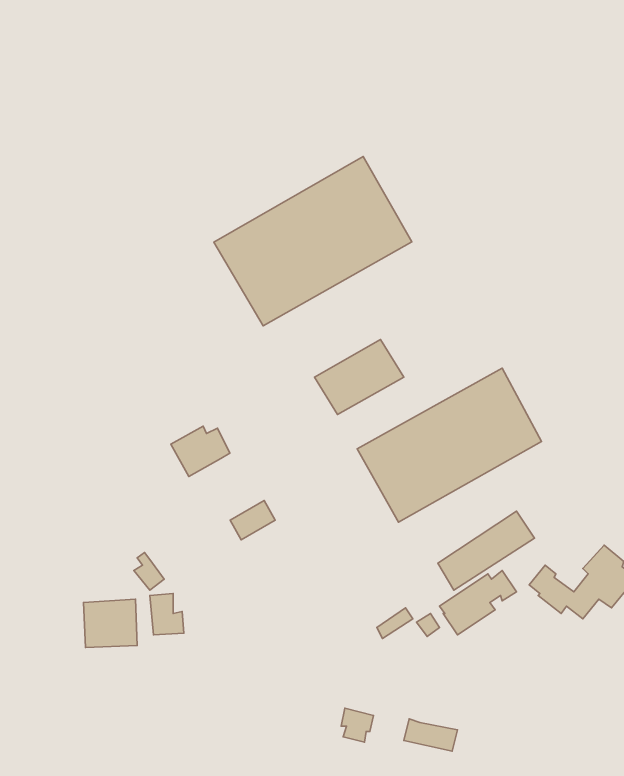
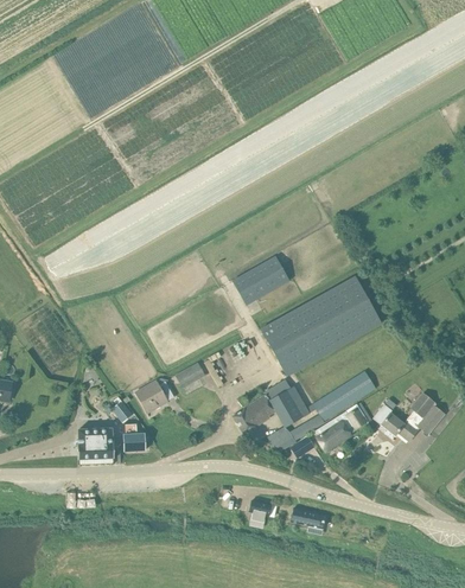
building: [214,156,412,326] -> none
building: [171,426,230,476] -> [135,381,174,414]
building: none -> [233,378,310,435]

